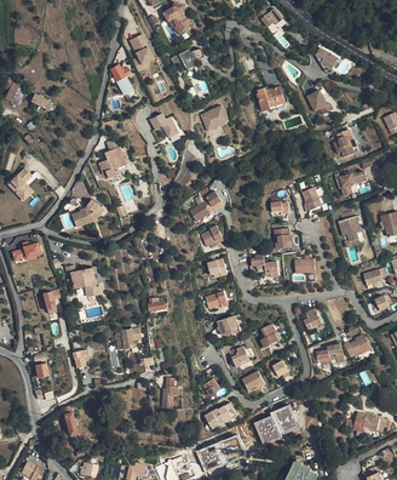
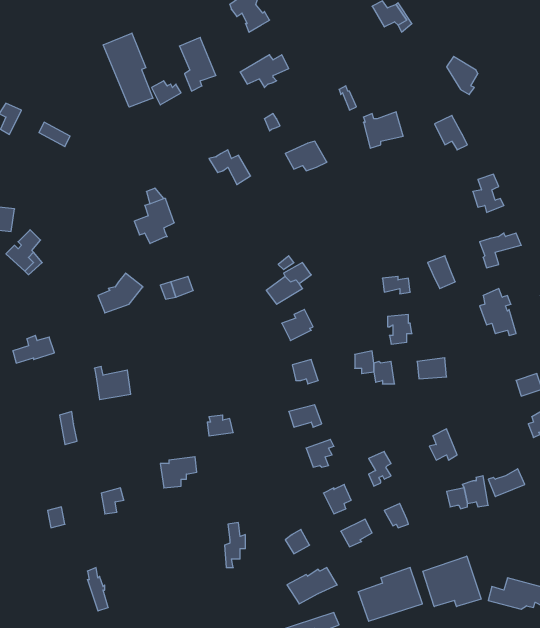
building: none -> [103,33,153,107]
building: none -> [423,556,481,607]

